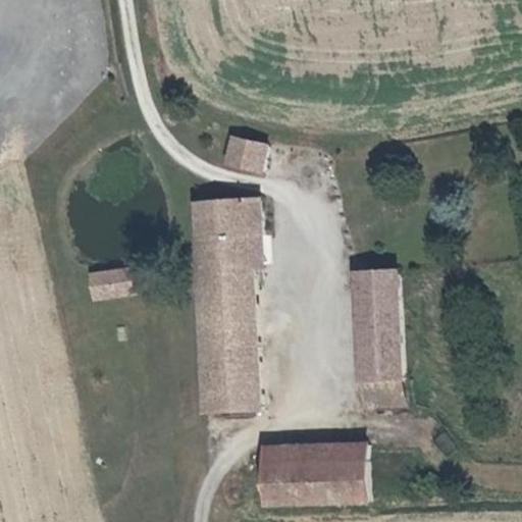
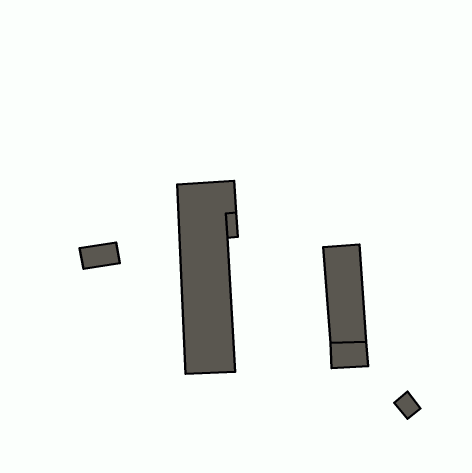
building: [224,134,262,166] -> none
building: [262,457,365,499] -> none

